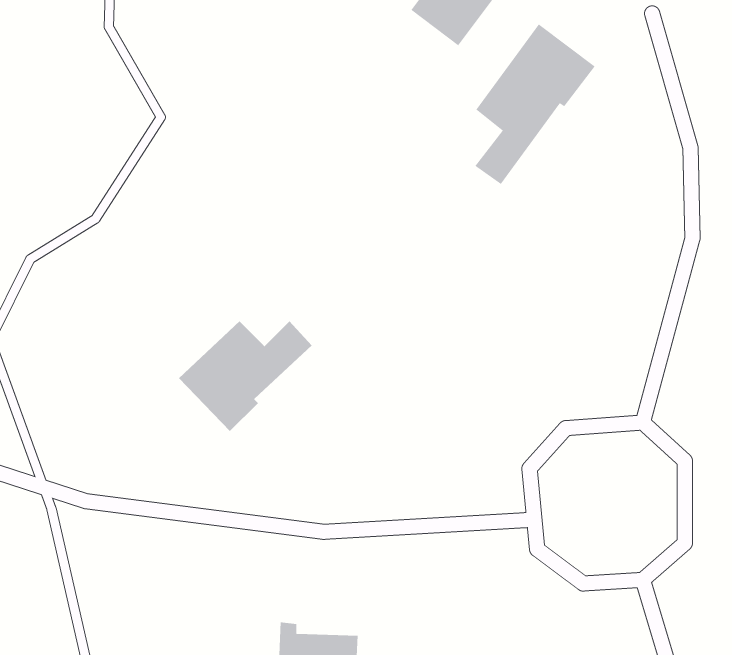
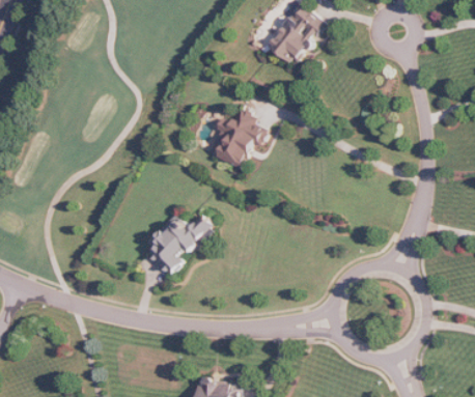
building: [474,24,596,185] -> none
building: none -> [206,109,267,168]

